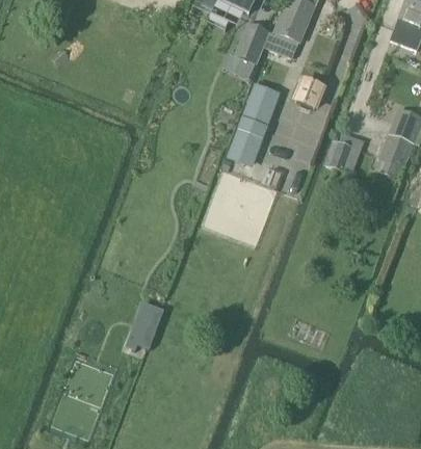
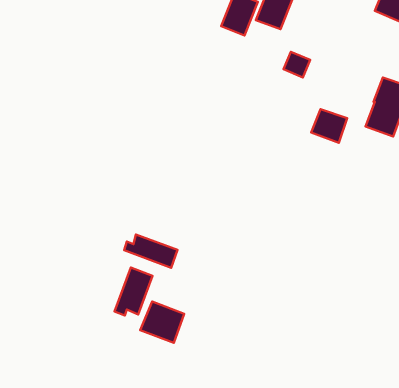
building: [229,85,277,157] -> none
building: none -> [124,234,178,268]
building: none -> [140,301,184,343]

